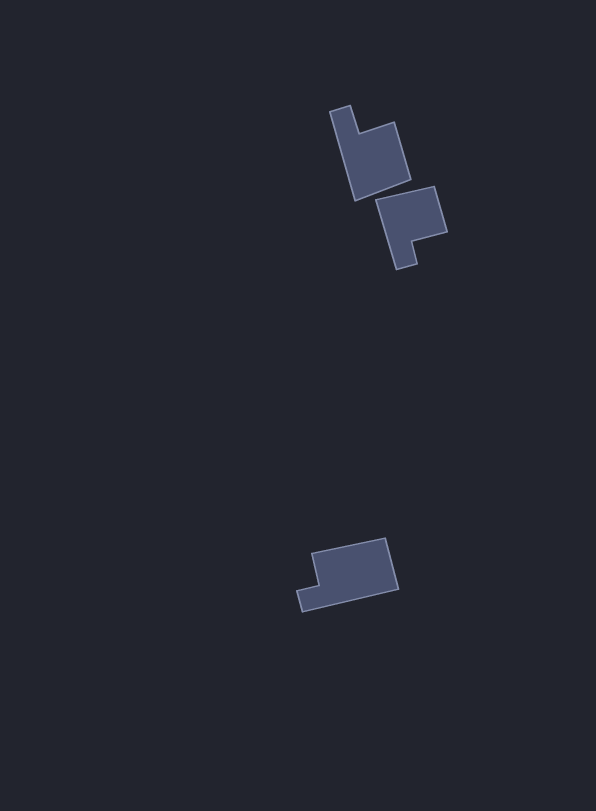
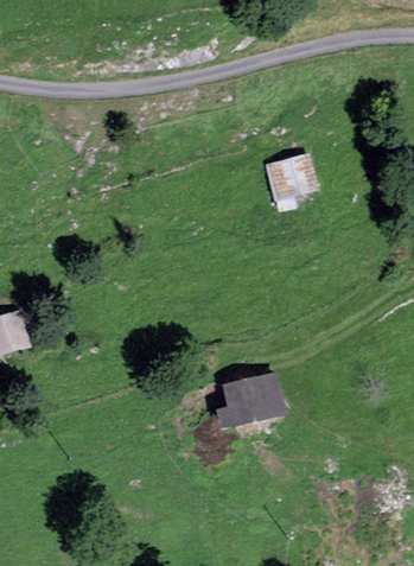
building: [330,106,411,201] -> none

